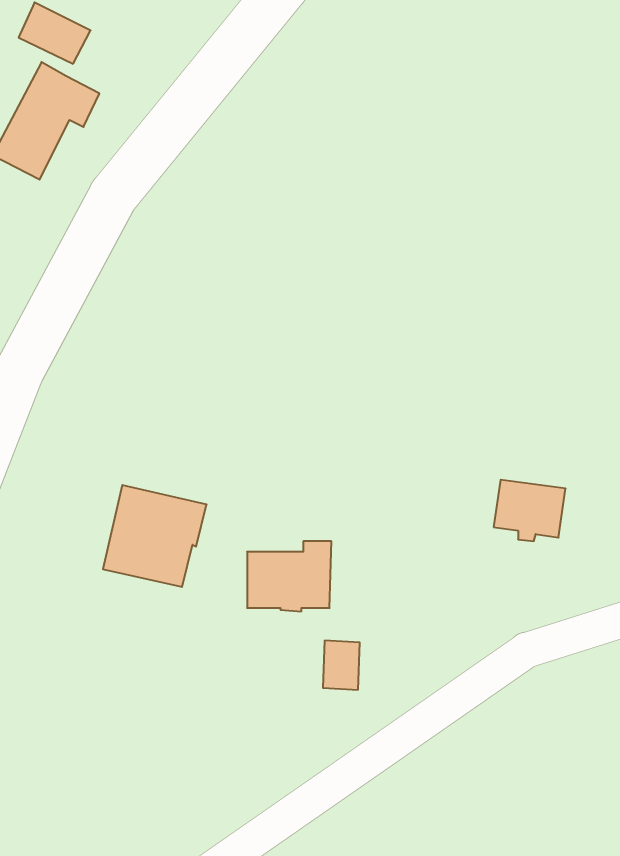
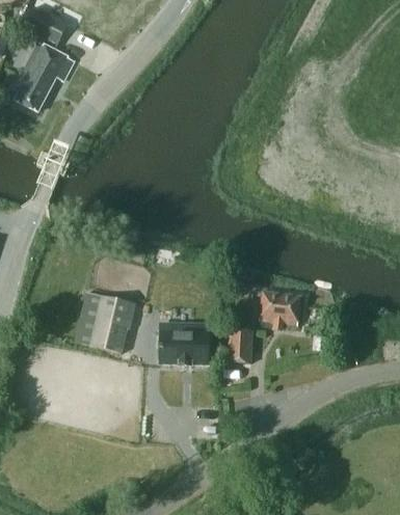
building: [494,480,566,541] -> [259,290,301,326]
building: [323,641,360,690] -> [230,329,251,358]

